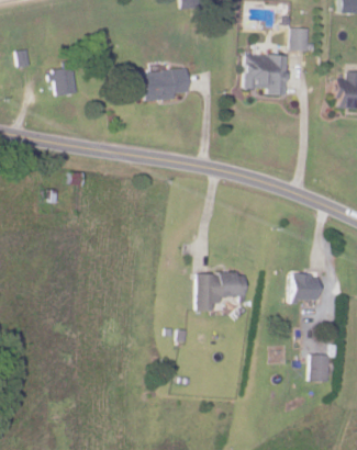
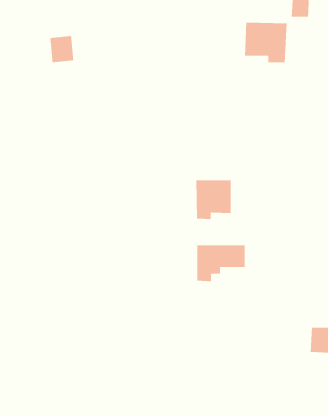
building: [134,69,189,100] -> none
building: none -> [195,179,231,220]
building: [292,274,319,301] -> none

